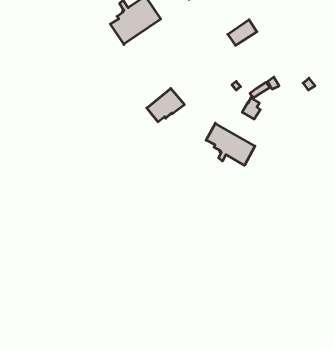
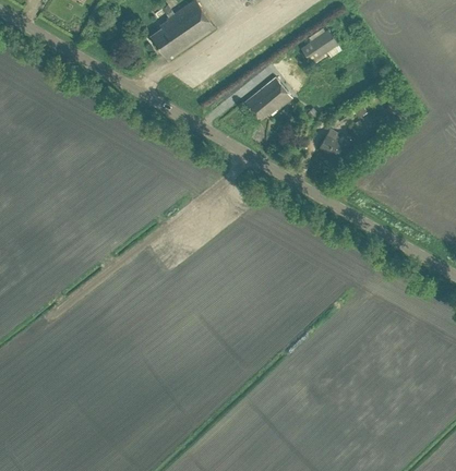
building: [147,88,184,122] -> [244,76,292,119]
building: [206,123,255,165] -> none

